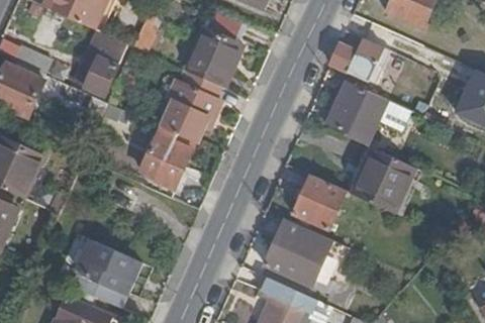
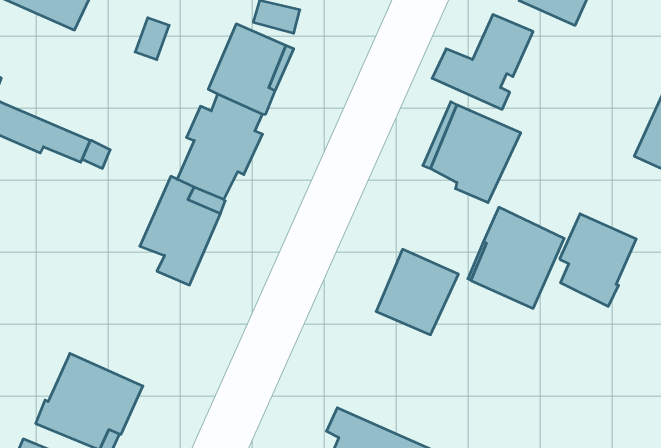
building: [75,33,126,97] -> none
building: none -> [560,214,636,306]
building: [265,221,331,286] -> none

